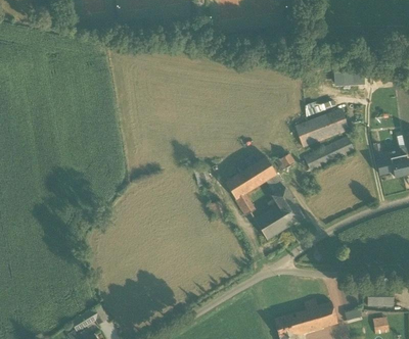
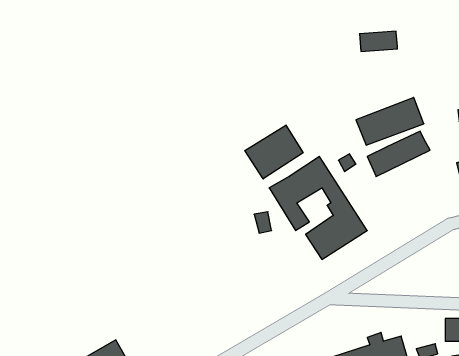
building: [334,70,365,87] -> [360,31,397,51]
building: none -> [245,125,303,179]

